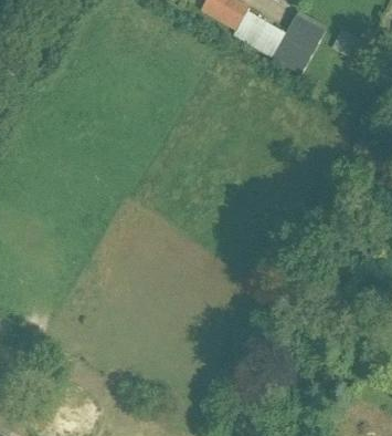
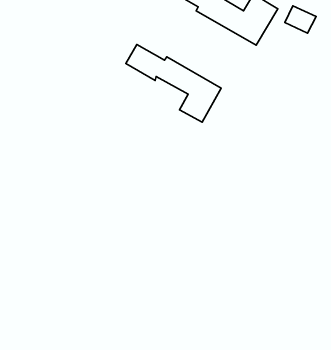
building: none -> [126,44,221,122]

